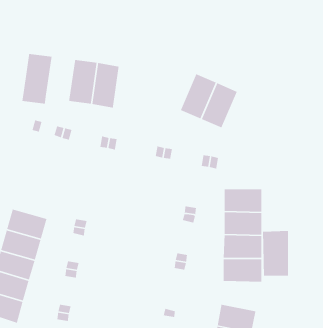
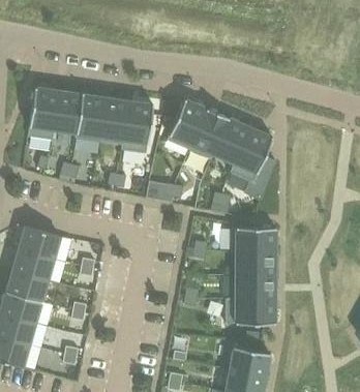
building: none -> [53,90,82,134]
building: none -> [168,98,207,146]
building: none -> [121,100,153,152]
building: none -> [231,126,273,182]
building: none -> [18,225,60,258]
building: [262,230,289,277] -> none

